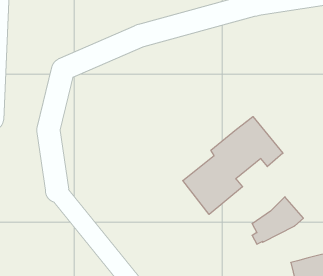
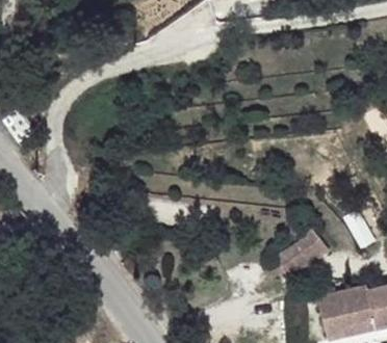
building: [183,117,283,214] -> none

